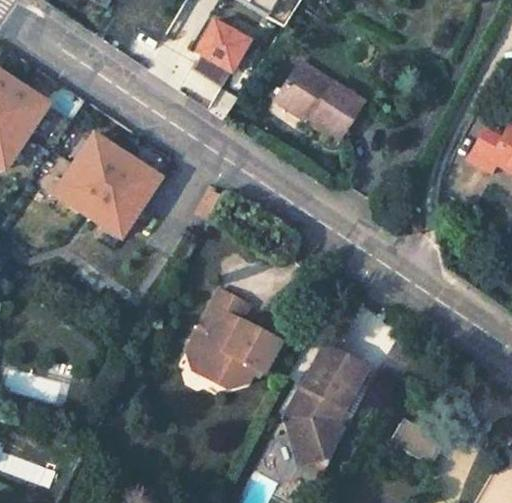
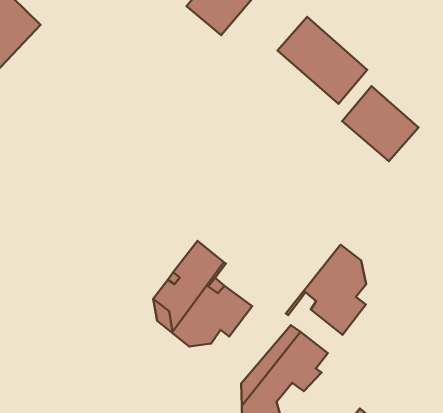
building: none -> [342,86,418,161]
building: [53,137,158,240] -> none
building: none -> [286,245,366,335]

